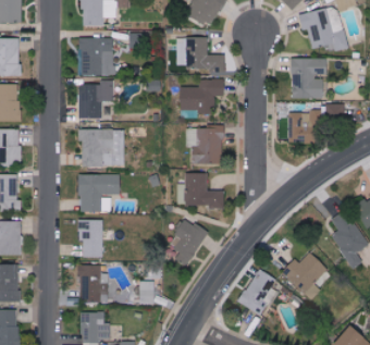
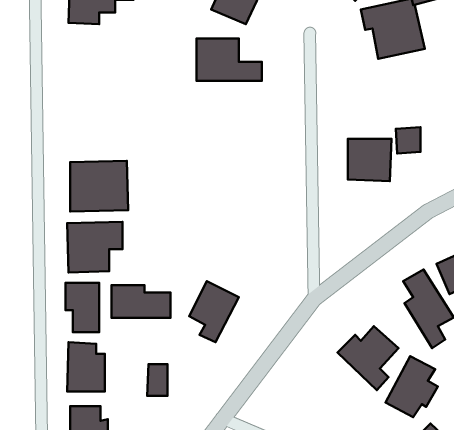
building: [78,38,113,75] -> none
building: [291,58,325,98] -> none
building: [178,79,224,119] -> none
building: [77,82,113,118] -> none
building: [185,127,222,163] -> none
building: [184,173,223,207] -> none
building: none -> [111,285,171,318]
building: [238,269,278,315] -> [386,356,438,417]

